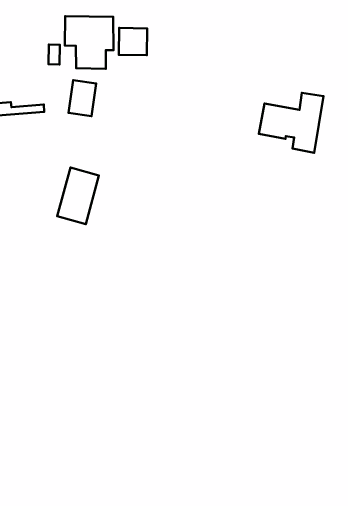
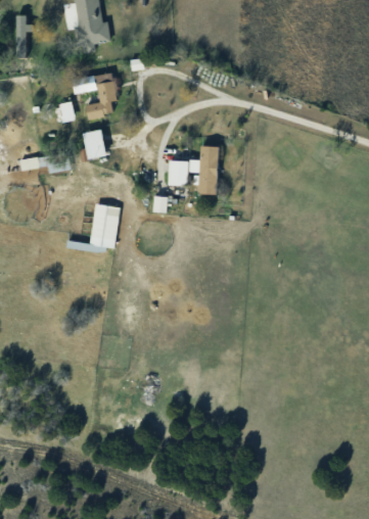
building: [119,28,147,55] -> none
building: [259,93,324,153] -> [170,145,219,193]

